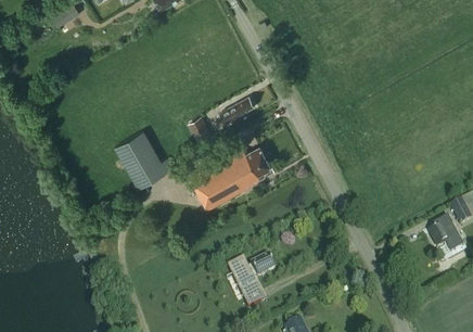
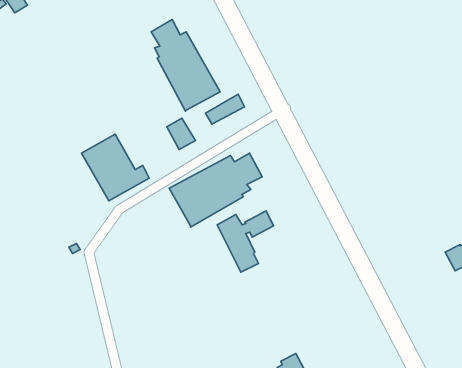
building: none -> [151,20,220,111]
building: [228,254,277,307] -> [217,211,274,272]

